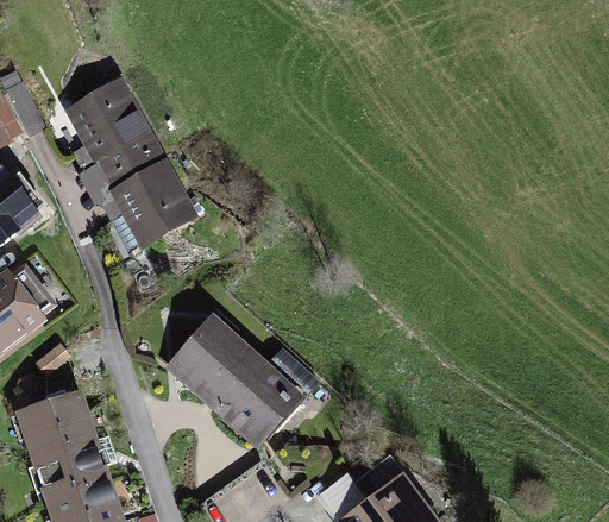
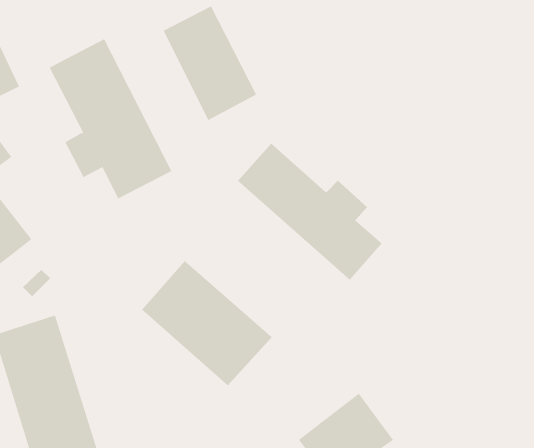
building: none -> [163,6,257,121]
building: none -> [237,143,383,280]

